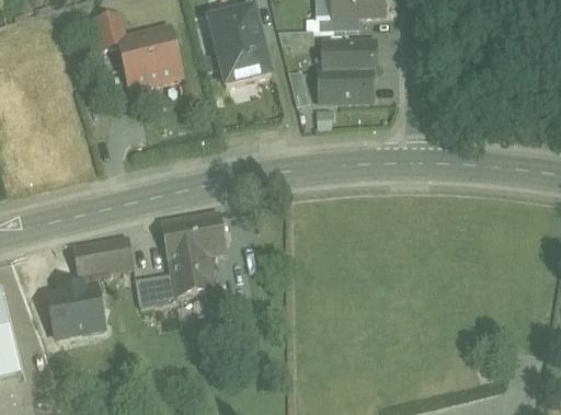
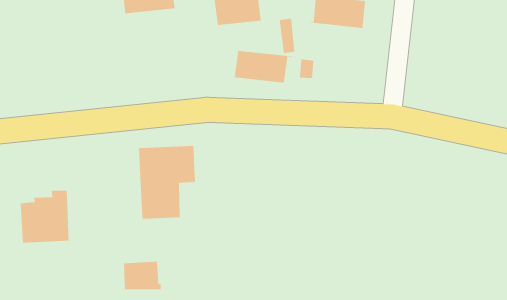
building: [319,70,376,100] -> [234,50,292,83]
building: [73,237,134,277] -> none
building: [135,273,178,307] -> [123,261,162,290]

